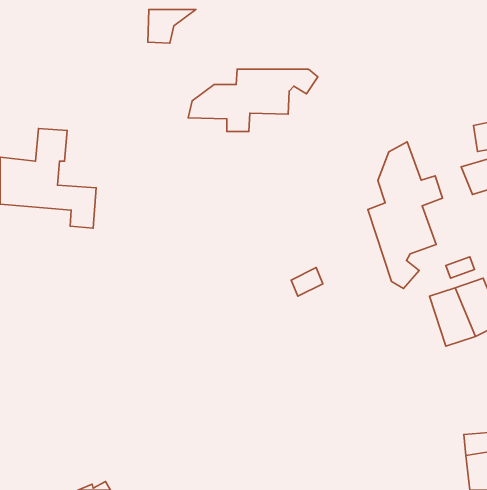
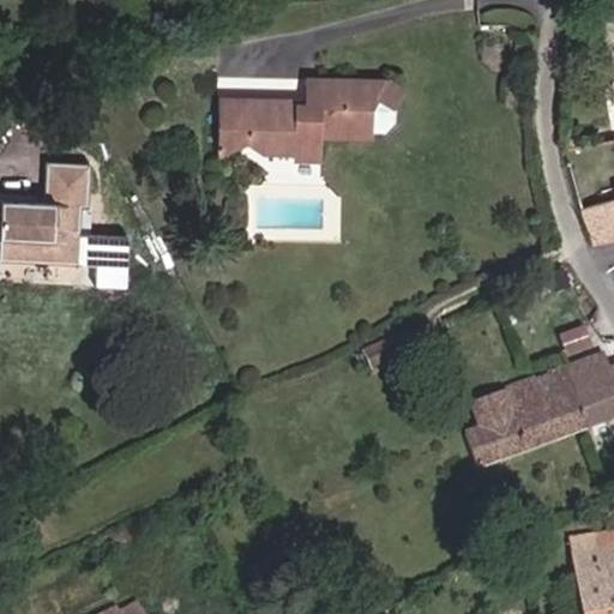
building: [148,10,196,43] -> [212,106,272,148]
building: [368,142,443,288] -> none
building: none -> [470,371,561,466]

